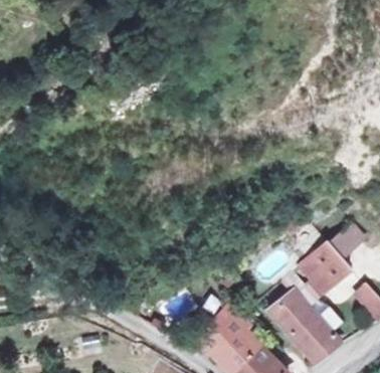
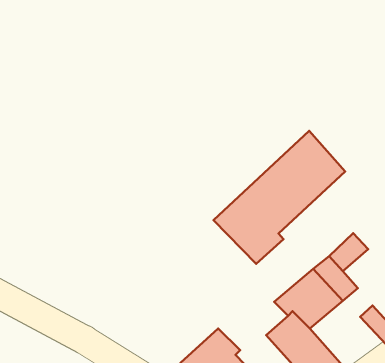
building: none -> [213,131,345,264]

